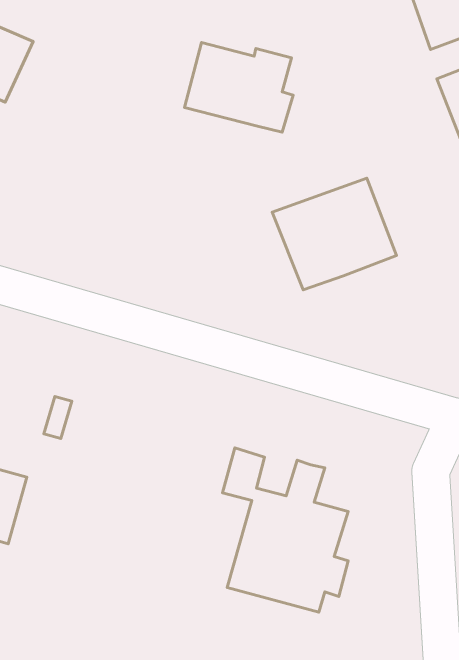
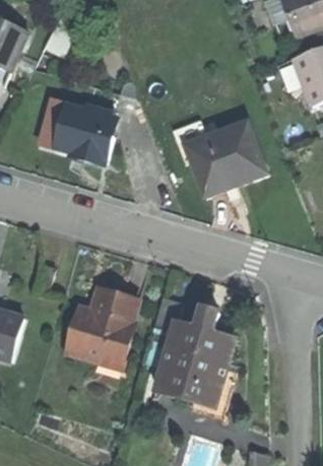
building: [184,42,293,132] -> [42,102,113,160]
building: none -> [66,288,136,368]

